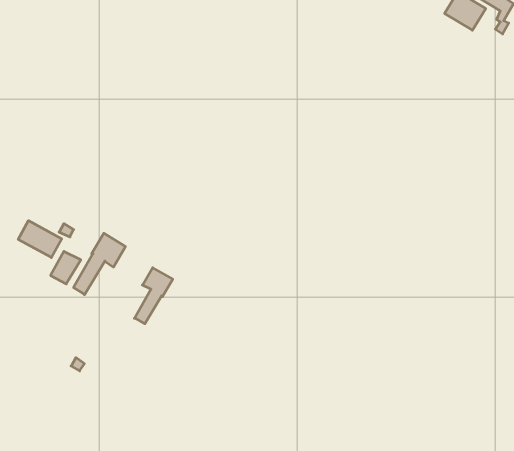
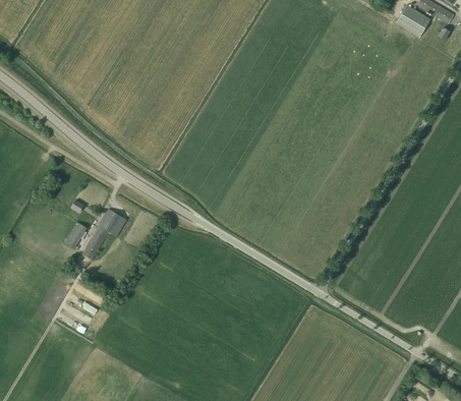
building: [18,221,62,258] -> none
building: [134,268,173,324] -> none

